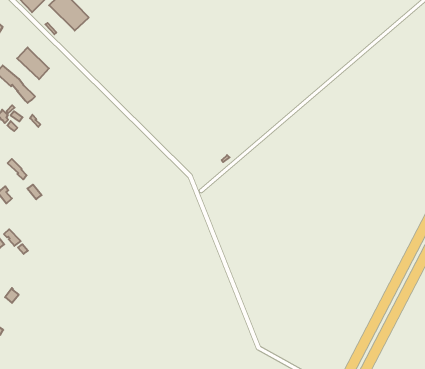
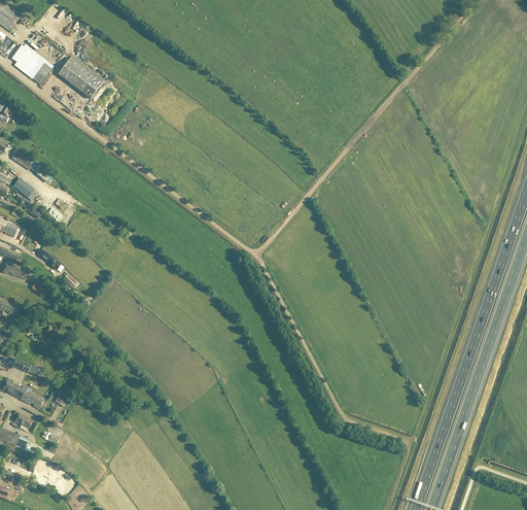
building: [17,47,49,79] -> none

